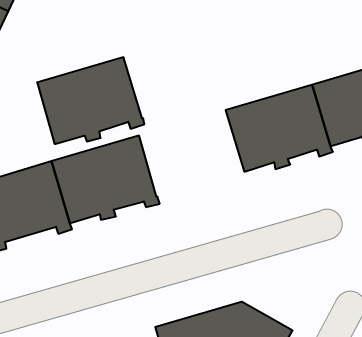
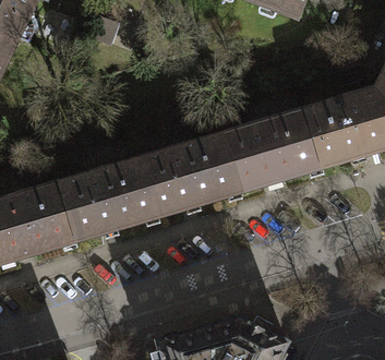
building: [37,57,144,144] -> [142,135,243,217]

